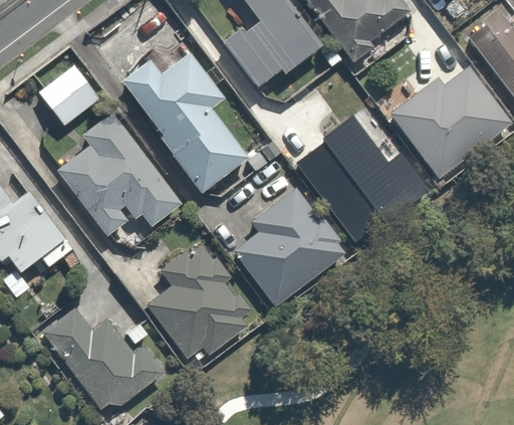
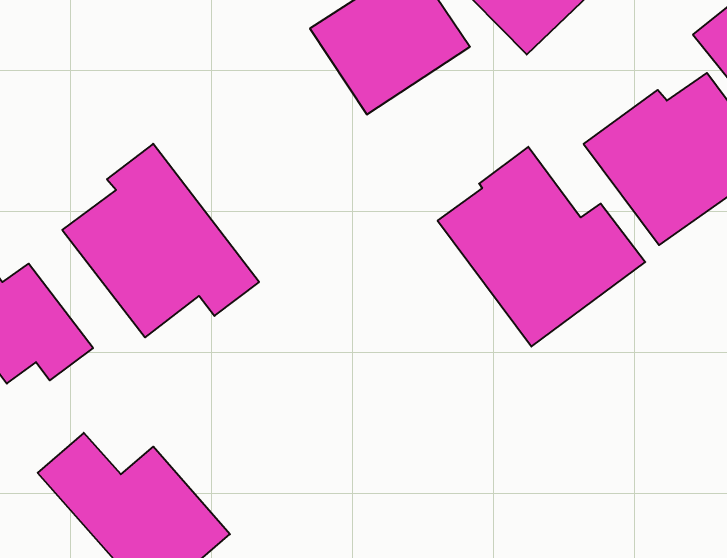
building: [121,47,246,191] -> none
building: [39,62,100,123] -> none
building: [231,178,351,307] -> none
building: [147,243,254,363] -> none

